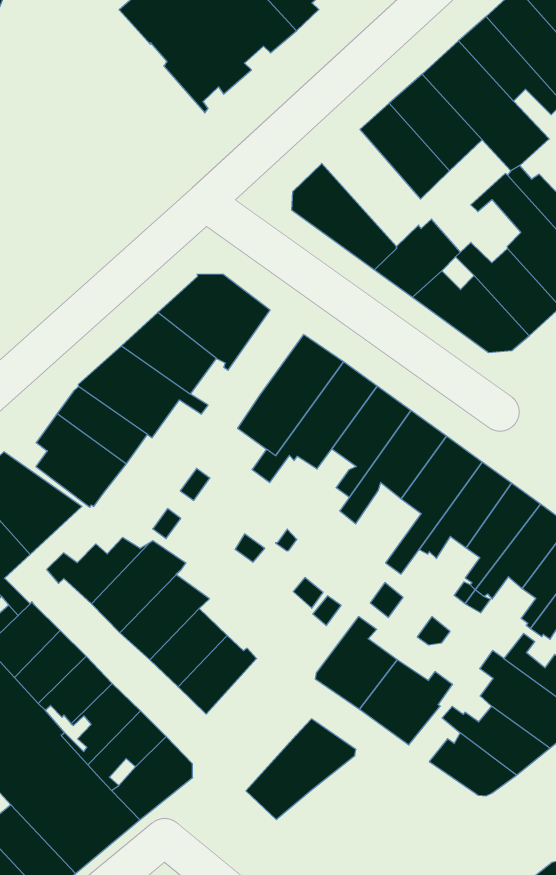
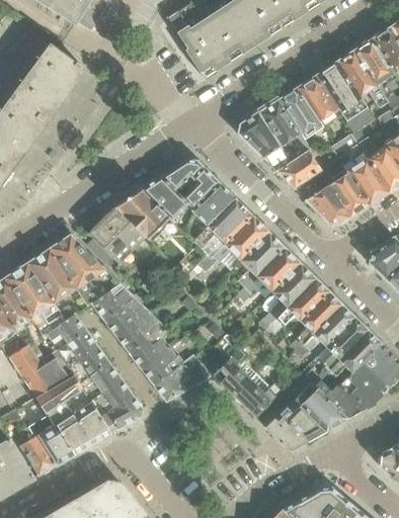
building: none -> [258,98,313,154]
building: none -> [193,183,235,226]
building: [246,719,356,820] -> [154,353,214,402]

